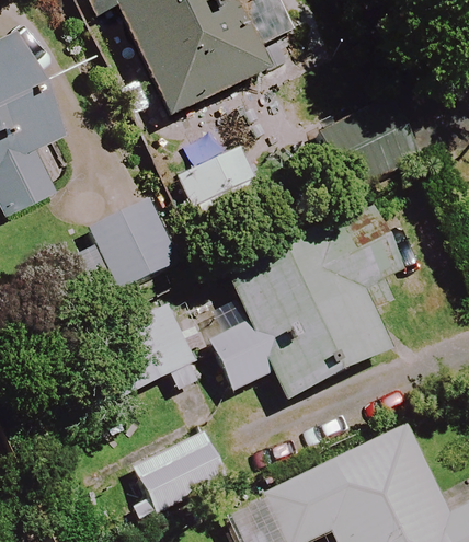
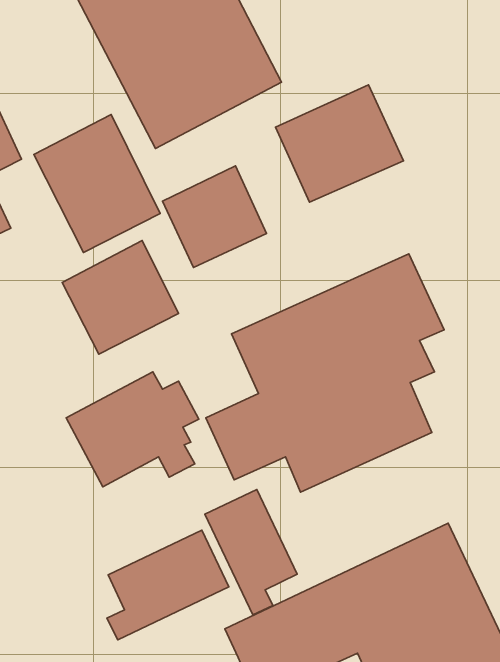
building: none -> [275,85,404,202]
building: none -> [34,115,160,252]
building: none -> [205,489,297,615]

